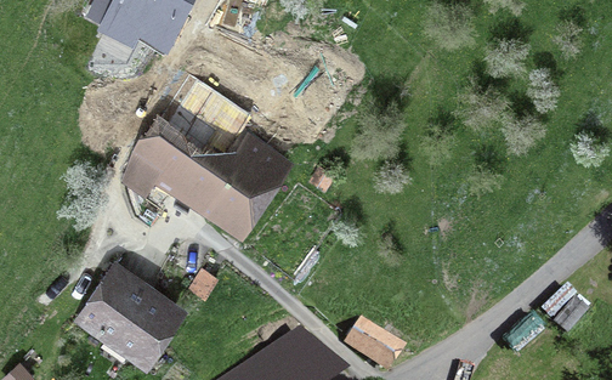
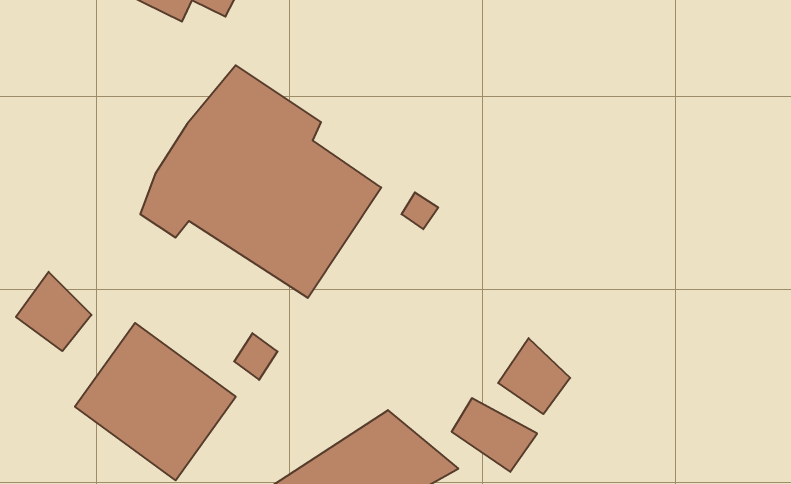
building: none -> [16,272,92,351]
building: none -> [498,338,570,414]

